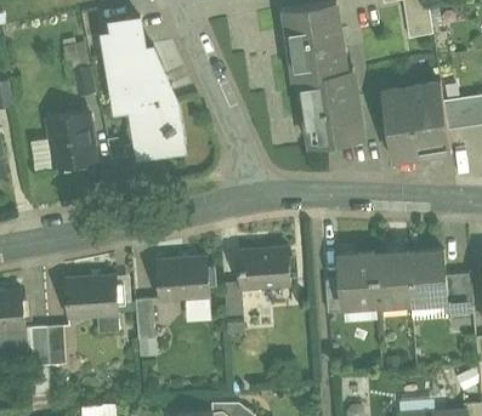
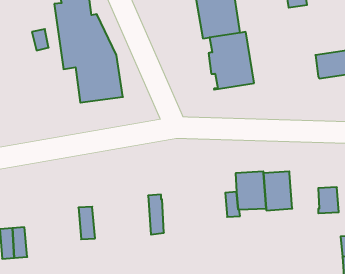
building: [381,81,449,156] -> none
building: [47,112,93,167] -> none
building: [238,249,290,289] -> none
building: [408,252,447,303] -> none
building: [155,258,209,300] -> none
building: [63,274,117,315] -> none

